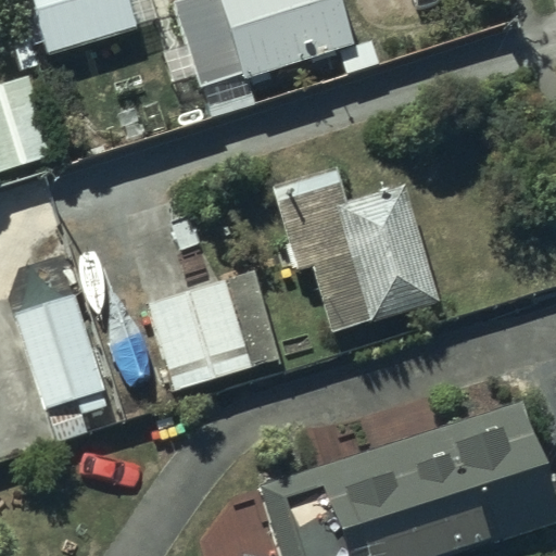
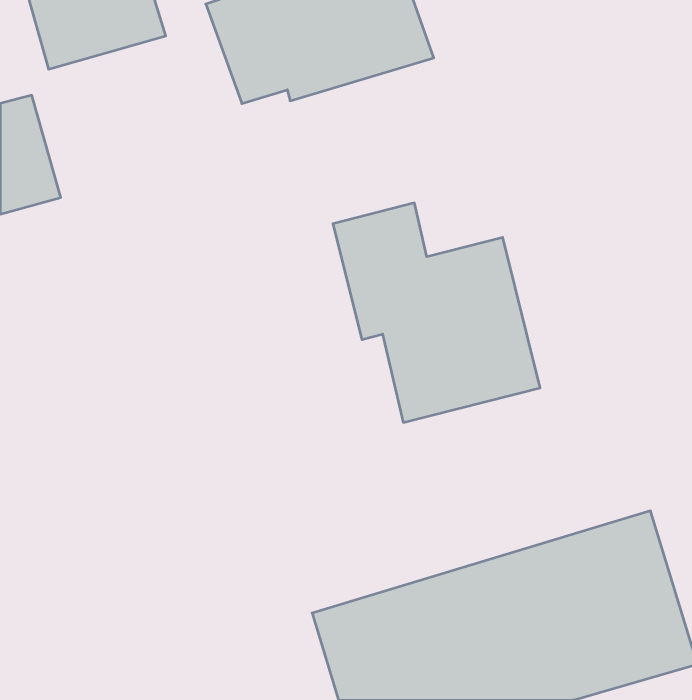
building: [149,282,252,391] -> none
building: [15,296,105,407] -> none

